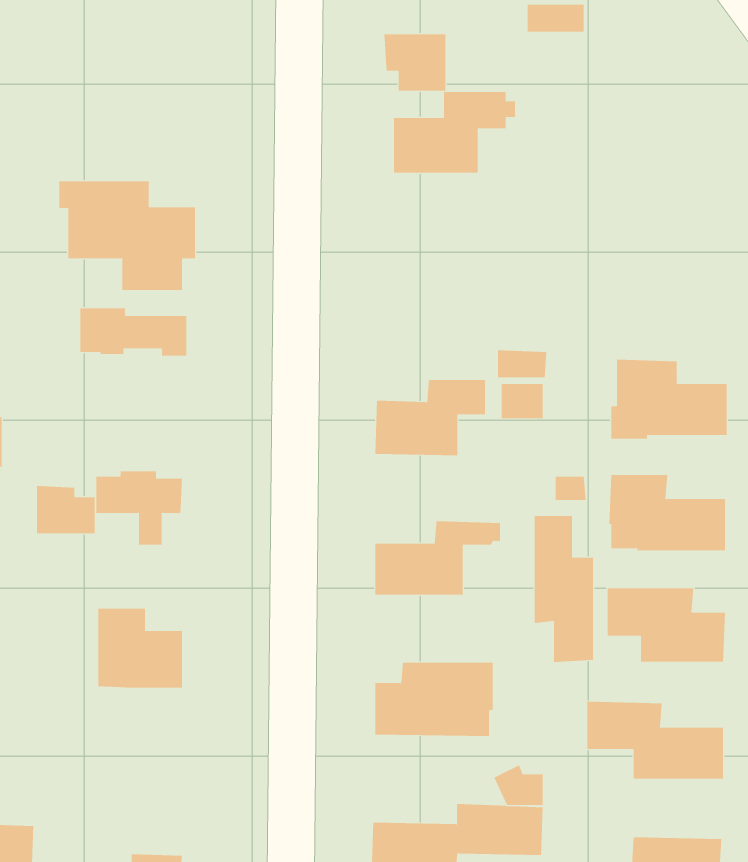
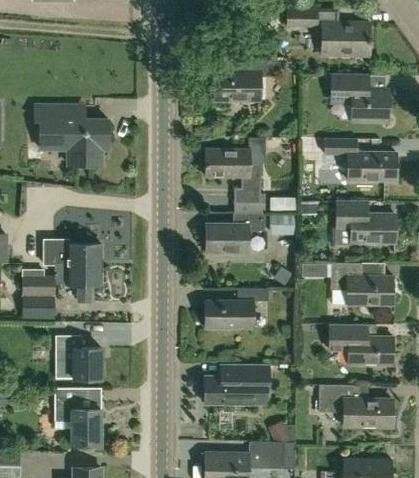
building: none -> [321,22,369,55]
building: [384,34,446,92] -> none
building: none -> [331,75,389,122]
building: none -> [205,136,263,204]
building: none -> [324,138,395,181]
building: [79,308,187,356] -> [43,239,101,265]
building: [534,515,593,663] -> none
building: none -> [22,295,54,318]
building: none -> [55,388,101,446]

